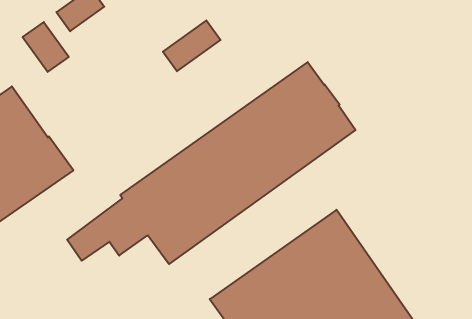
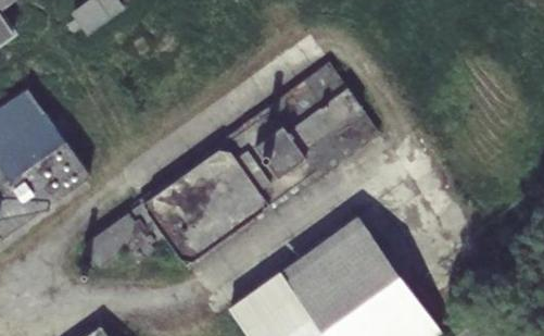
building: [163,20,221,71] -> none
building: [23,22,69,72] -> none

